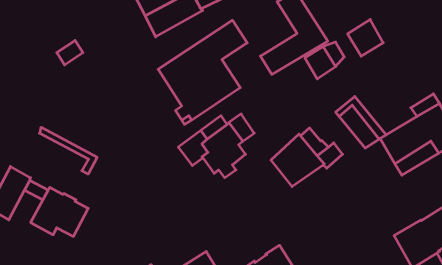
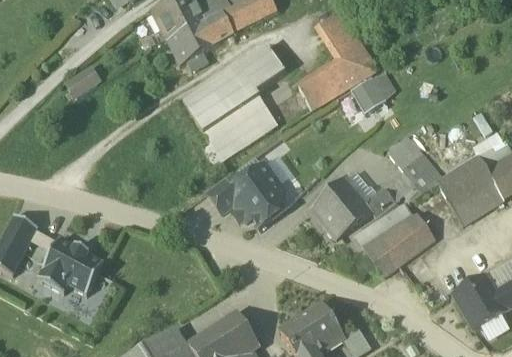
building: [348,19,383,56] -> none
building: [39,127,97,174] -> none
building: none -> [345,201,435,274]

